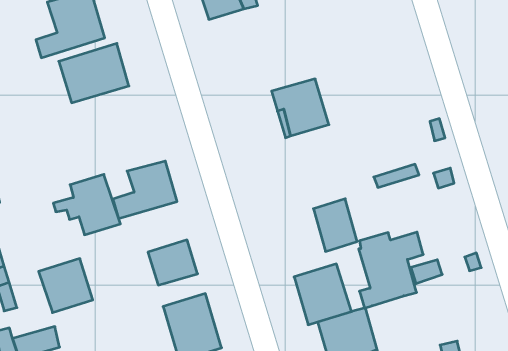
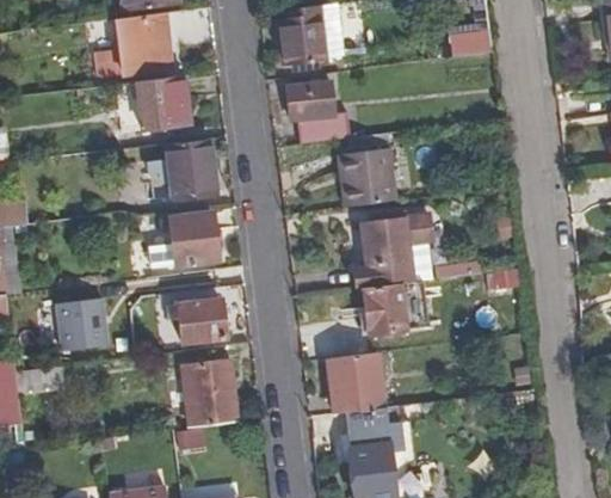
building: none -> [289,81,348,143]
building: [53,174,120,235] -> [147,141,215,202]
building: [359,232,423,308] -> [351,213,426,289]

